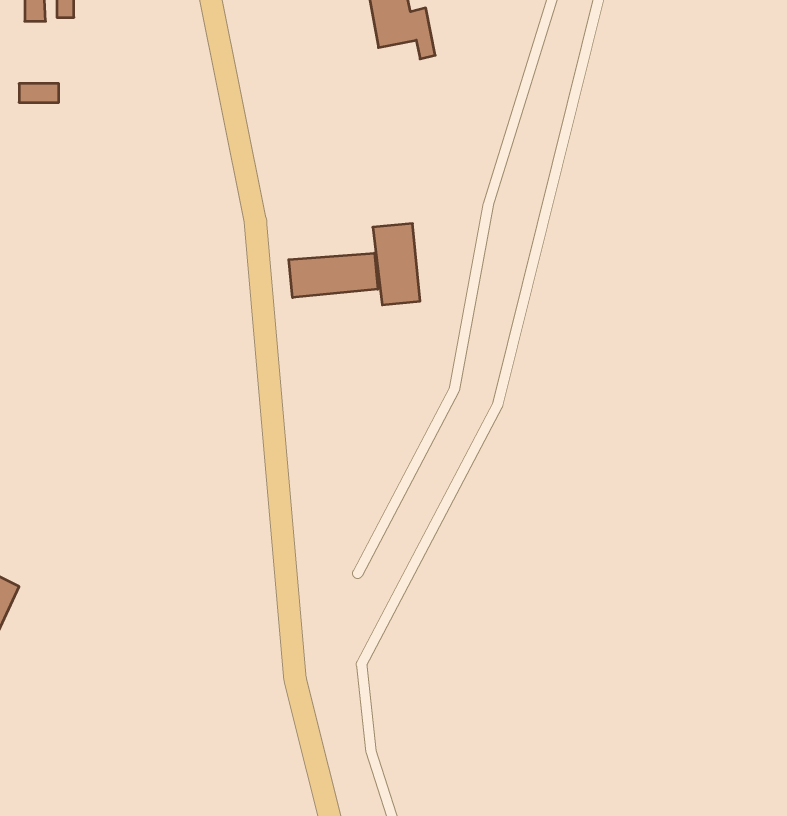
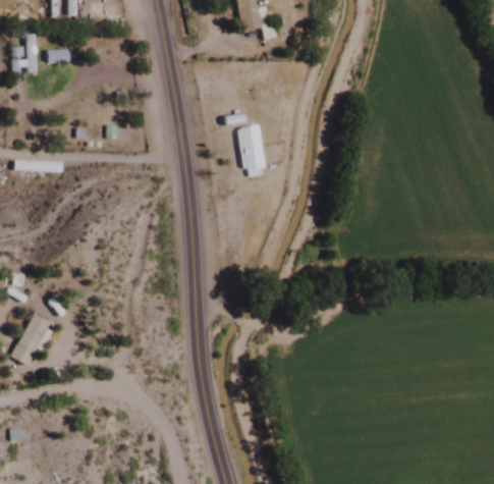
building: [289,253,378,298] -> none

